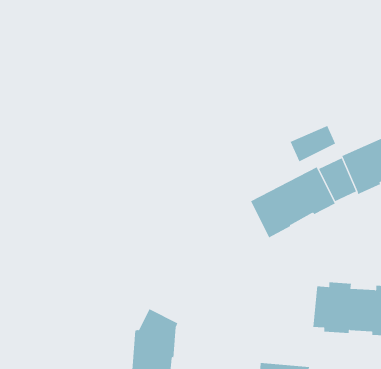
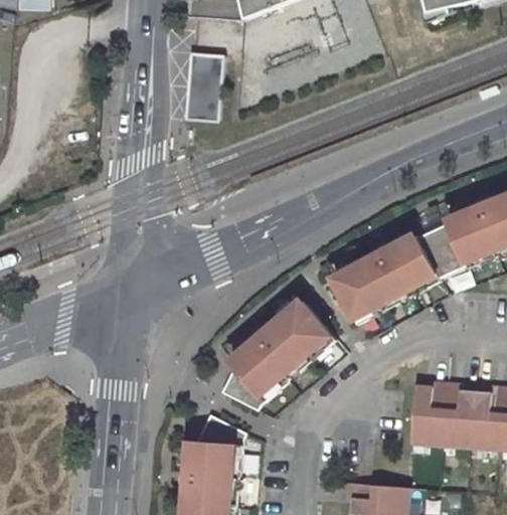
building: none -> [181,50,218,119]
building: [290,125,336,162] -> none
building: none -> [216,301,333,409]

